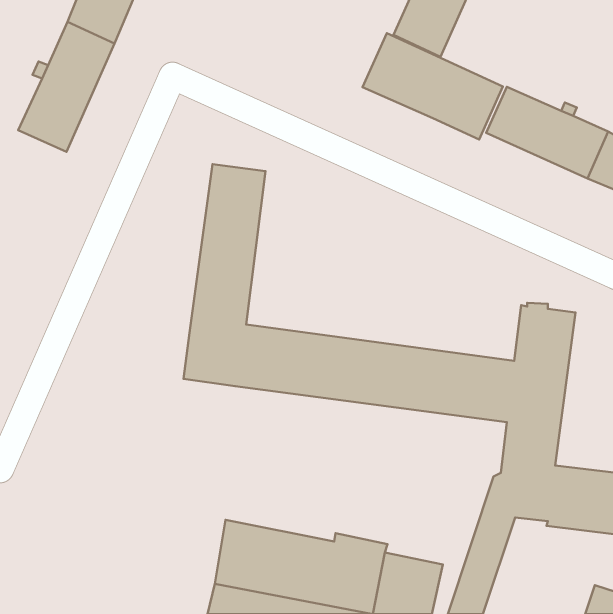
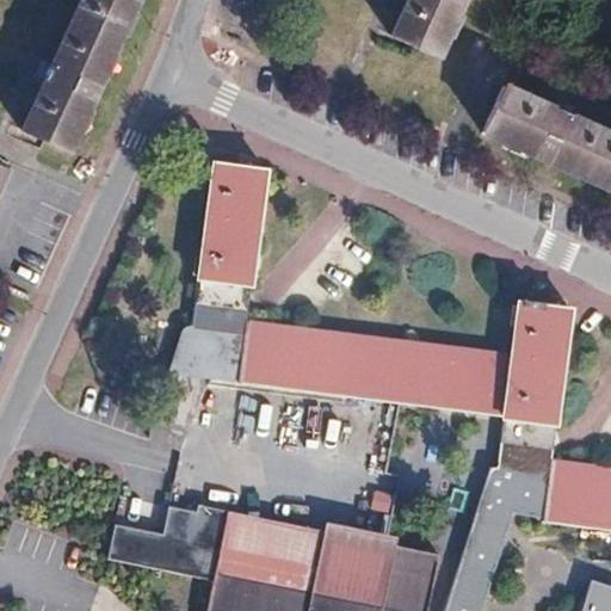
building: [362,33,503,140] -> none
building: none -> [112,506,227,578]

